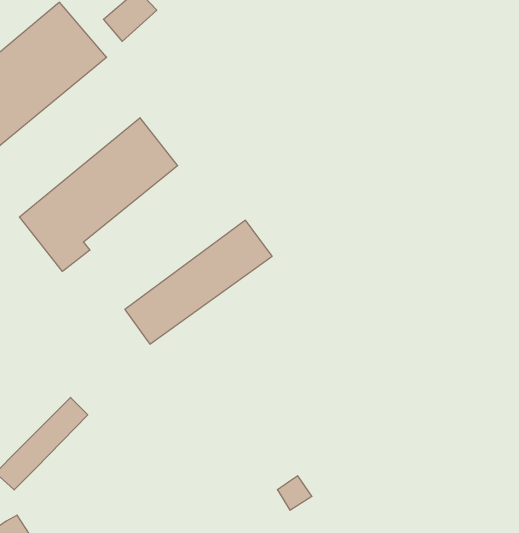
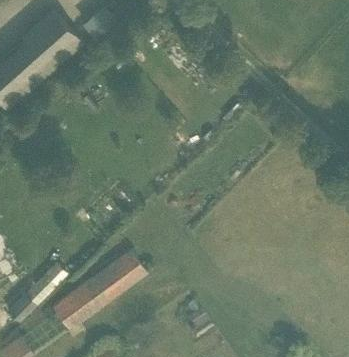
building: [19,118,178,271] -> none
building: [125,220,272,344] -> [53,251,147,330]

